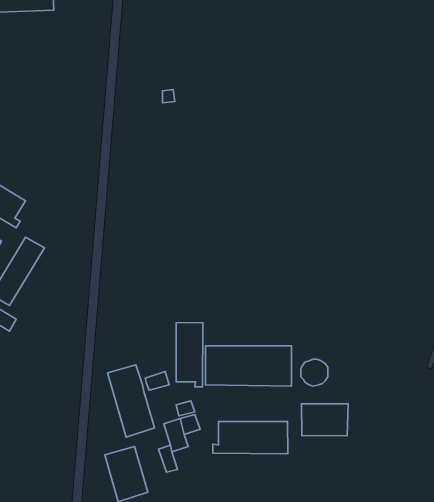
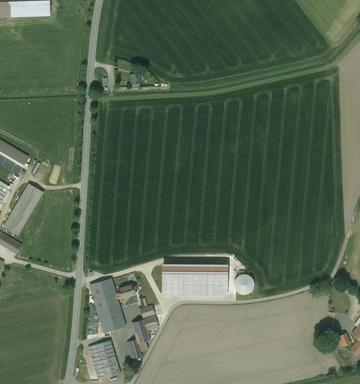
building: [176,323,203,387] -> none
building: [301,404,348,436] -> none
building: [213,421,288,454] -> none

